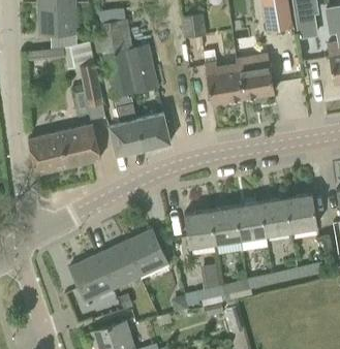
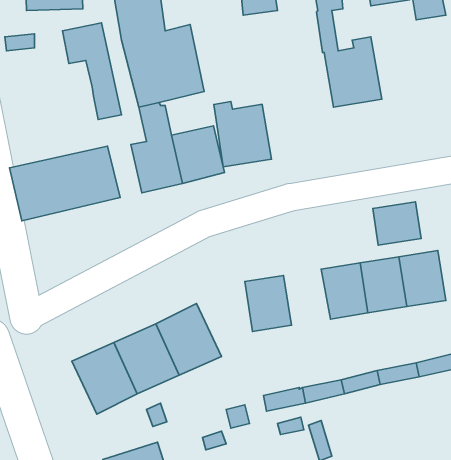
building: [205,61,243,104] -> [214,101,271,167]
building: none -> [373,202,421,245]
building: [210,207,241,244] -> none

